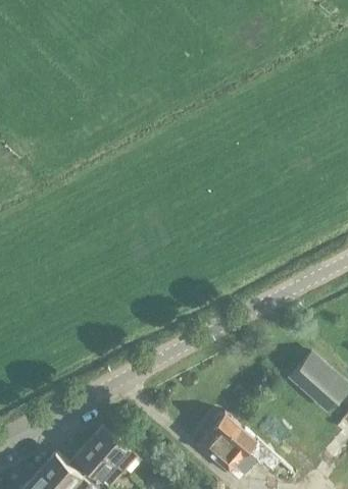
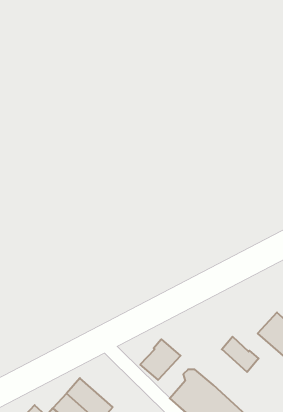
building: none -> [222,337,259,372]
building: none -> [140,339,181,380]

